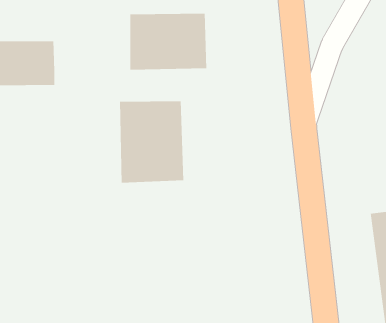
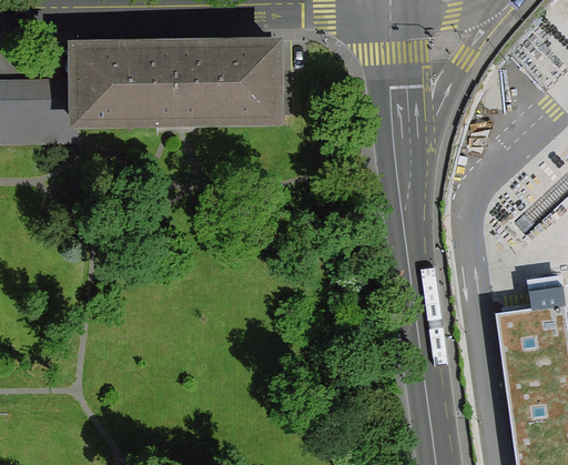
building: none -> [77,46,178,122]
building: [119,100,184,184] -> none

